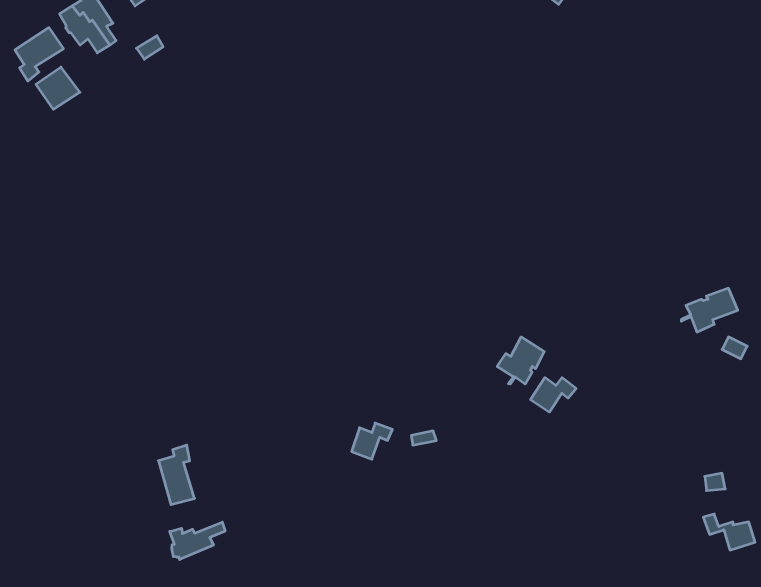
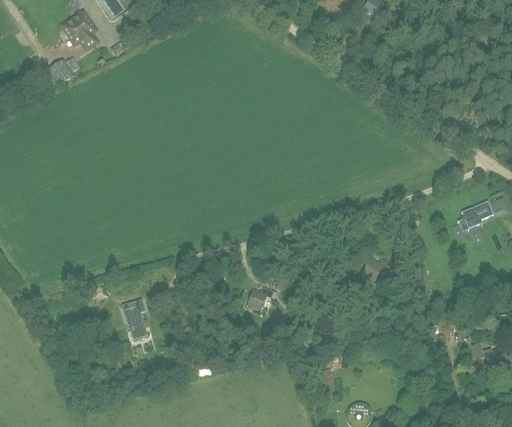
building: [15,28,63,81] -> none
building: [497,337,544,384] -> none
building: [170,522,225,560] -> none

